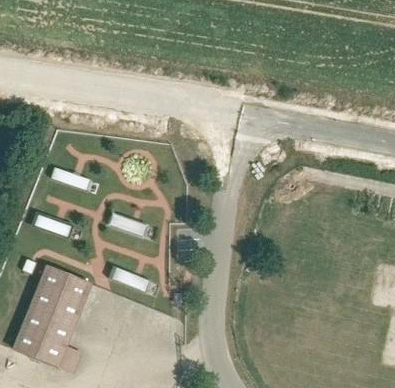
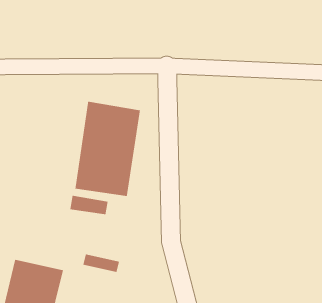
building: none -> [75,101,141,197]

